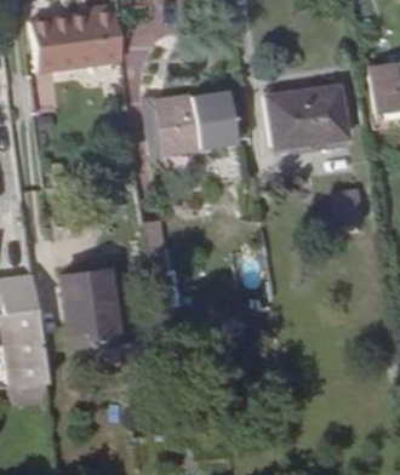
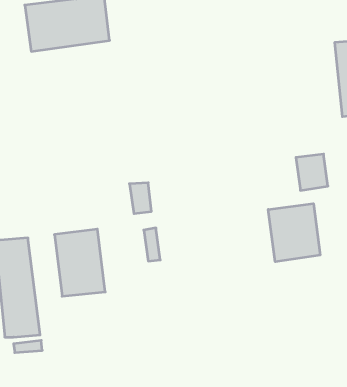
building: [269,82,348,144] -> none
building: [156,90,236,150] -> none
building: none -> [268,204,320,262]

